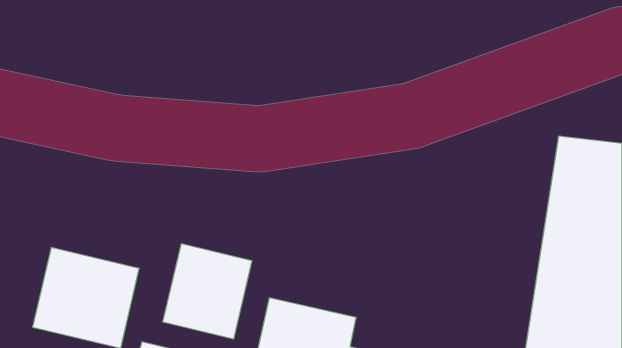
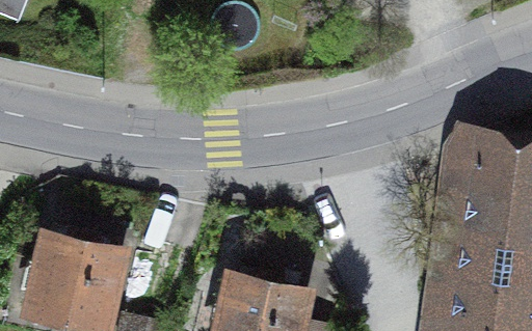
building: [163,244,252,339] -> none

